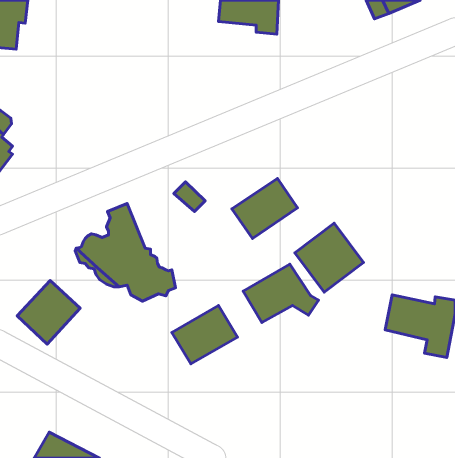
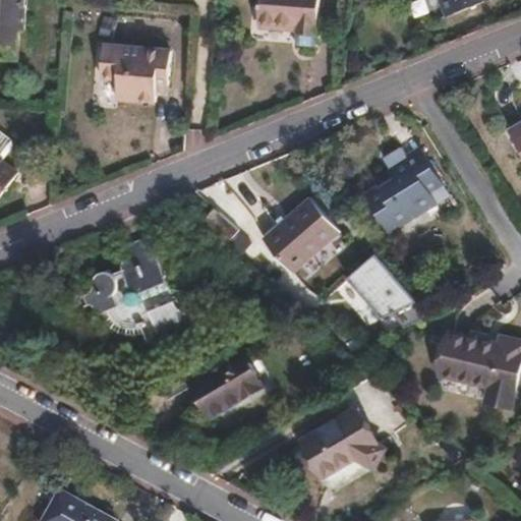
building: none -> [100,46,169,105]
building: none -> [363,149,437,230]
building: [243,264,318,322] -> [299,409,385,475]
building: [17,281,80,344] -> none

